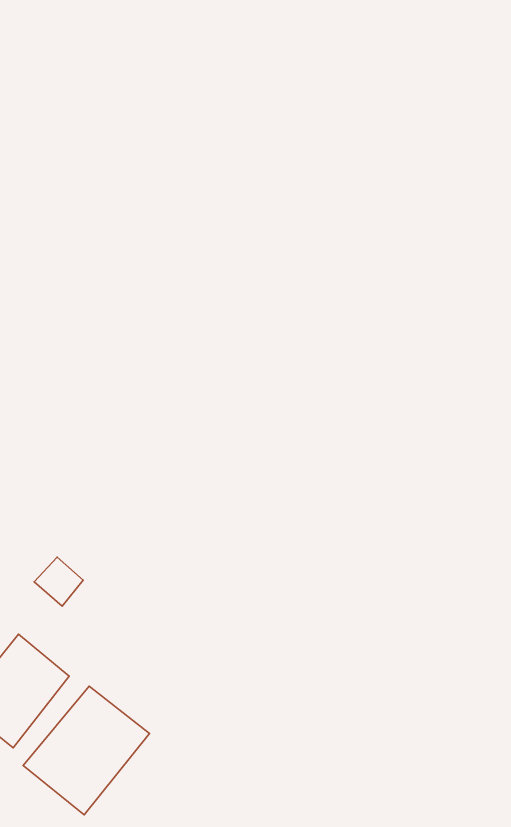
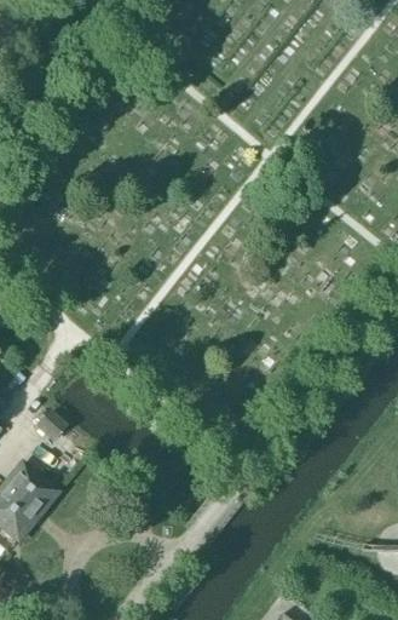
building: [23,686,150,815] -> none

